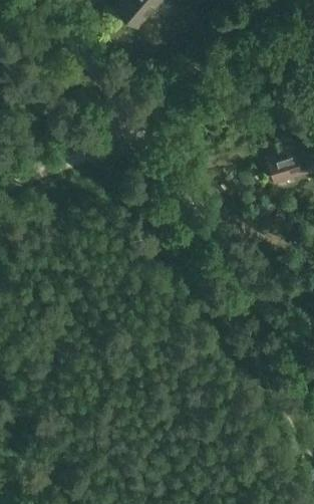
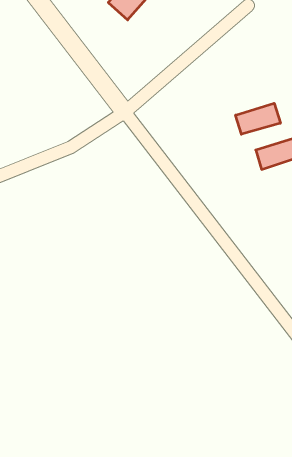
building: none -> [236,103,280,134]

